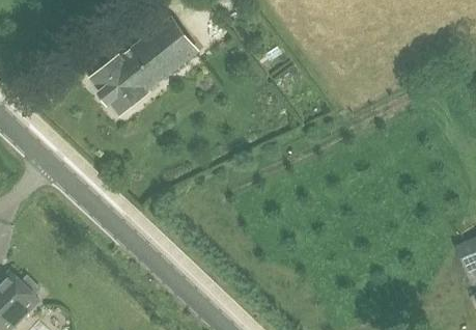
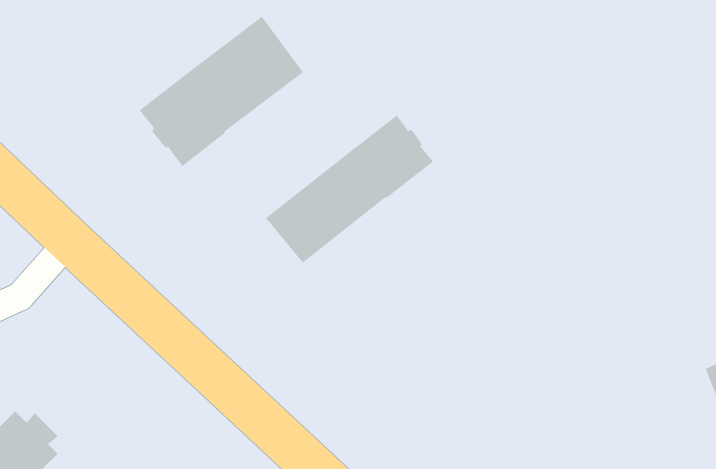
building: none -> [265,115,434,264]

